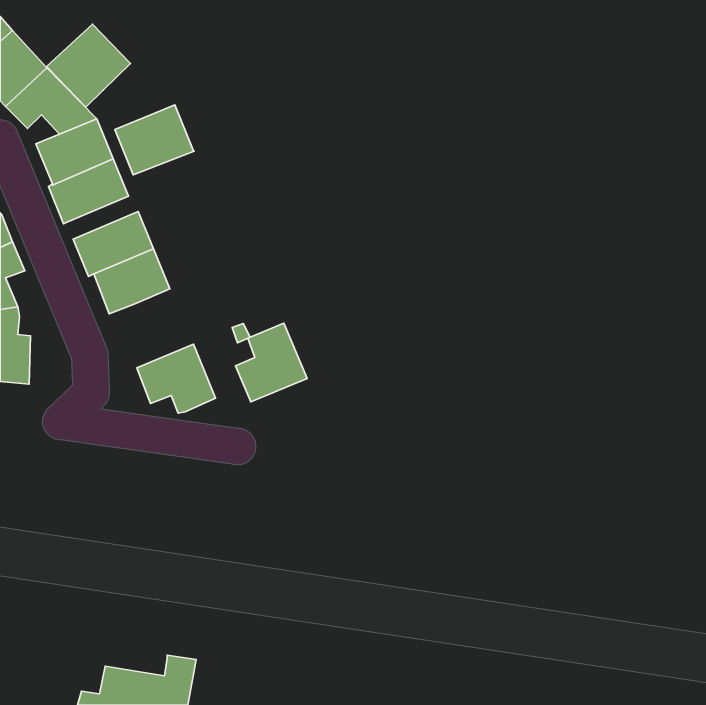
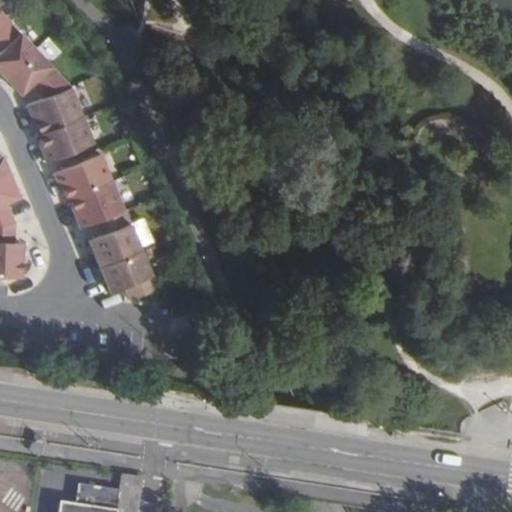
building: [46,24,131,107] -> none
building: [115,105,194,175] -> none
building: [235,323,307,402] -> [88,209,140,266]

